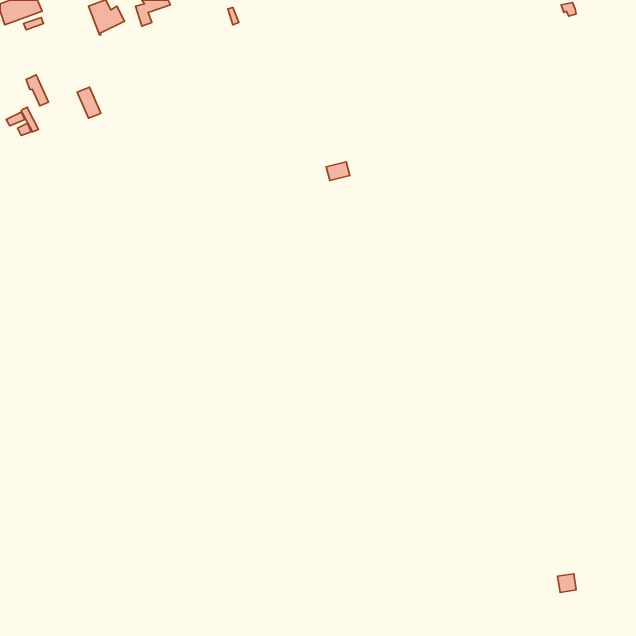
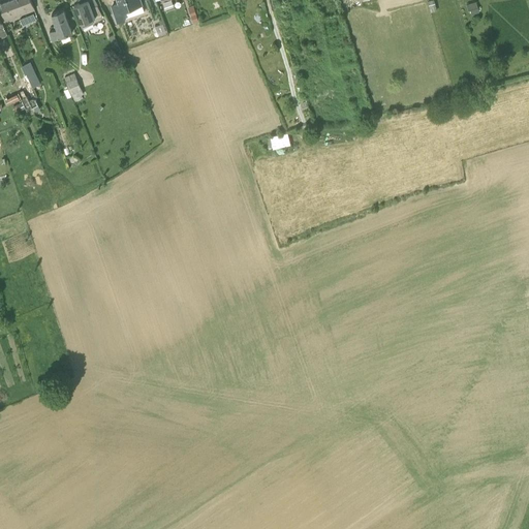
building: none -> [50,9,71,39]

